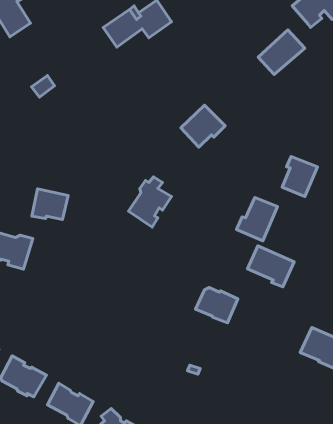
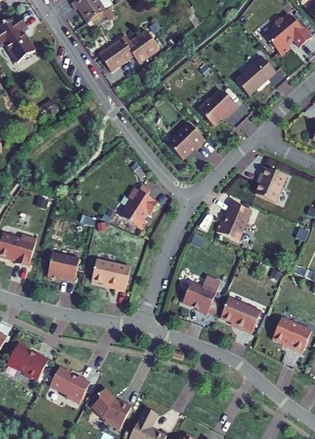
building: none -> [198,89,238,125]
building: [32,189,68,219] -> [48,252,80,279]
building: [247,246,294,287] -> [221,297,262,333]
building: none -> [92,258,131,290]

